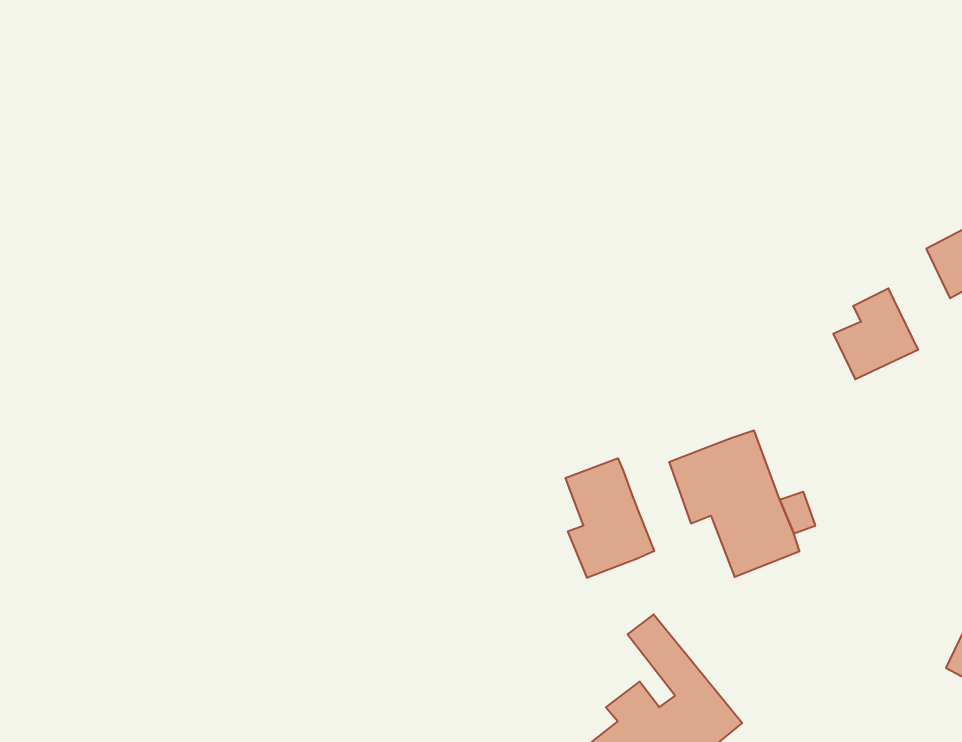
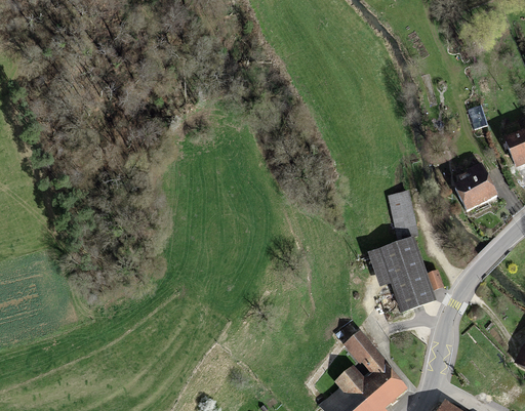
building: none -> [391,190,419,236]
building: [565,458,654,578] -> none

